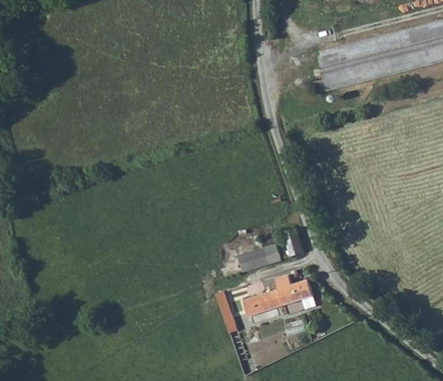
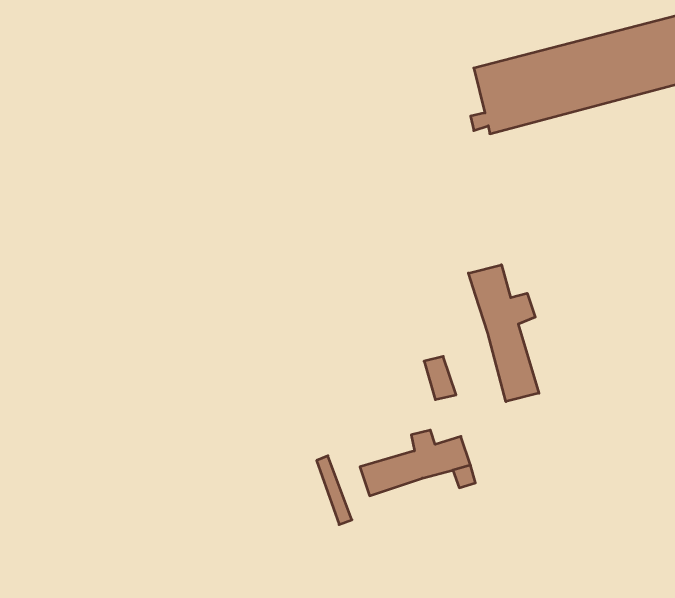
building: none -> [468,265,539,402]
building: [238,245,280,271] -> none

